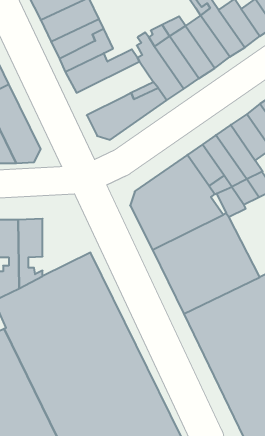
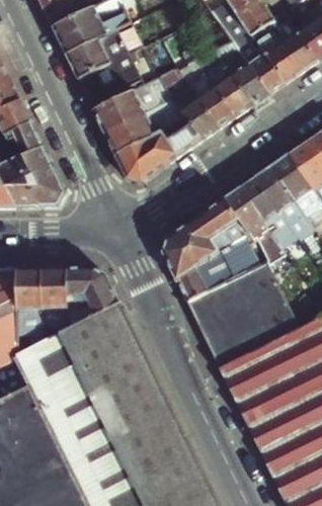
building: none -> [104,98,180,156]
building: none -> [68,267,119,329]

